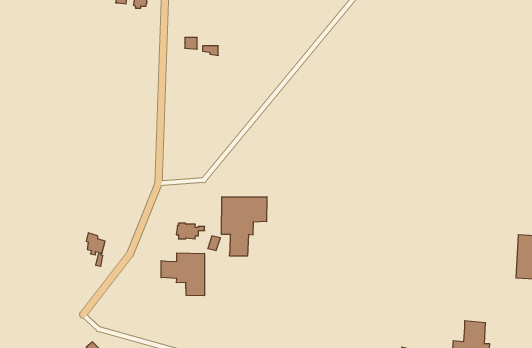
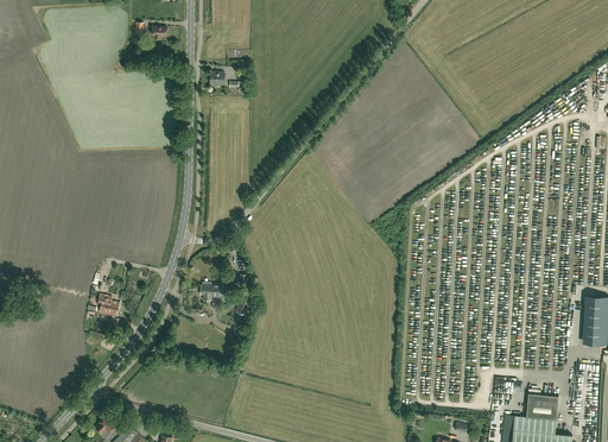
building: [222,197,267,256] -> none
building: [161,253,204,296] -> none

